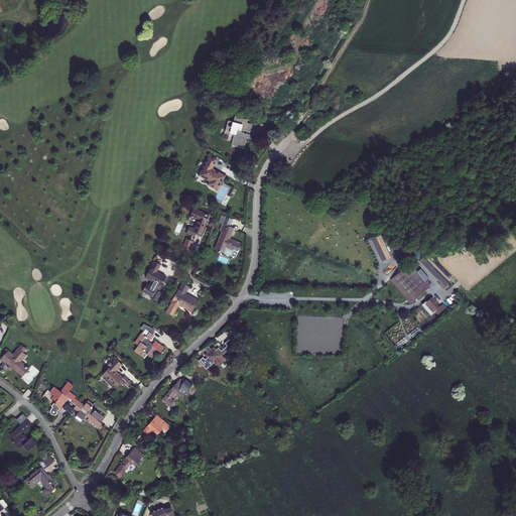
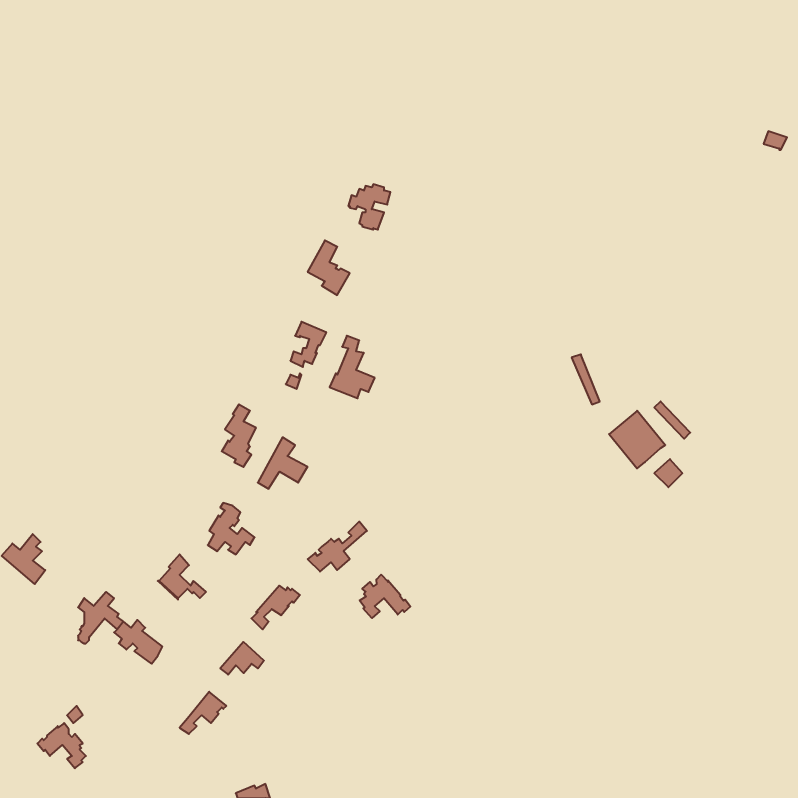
building: none -> [360,575,410,618]
building: [10,413,37,450] -> none

